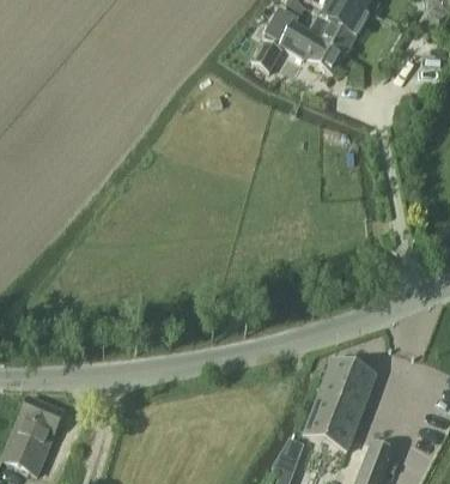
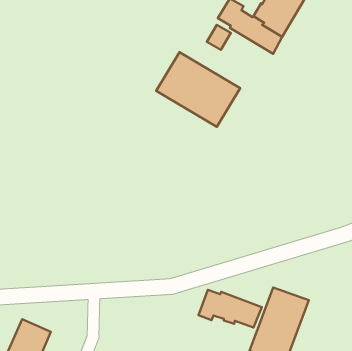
building: none -> [156,52,240,127]
building: none -> [199,290,262,327]

